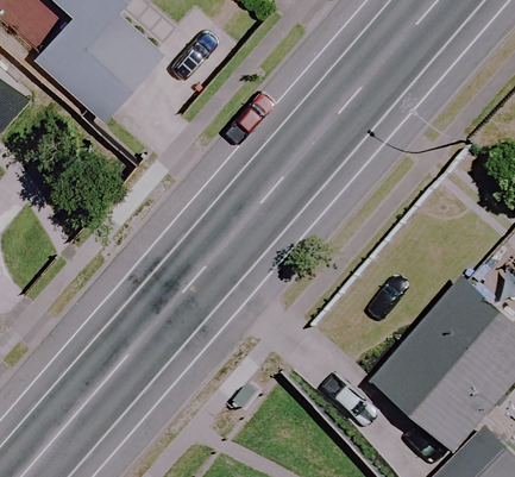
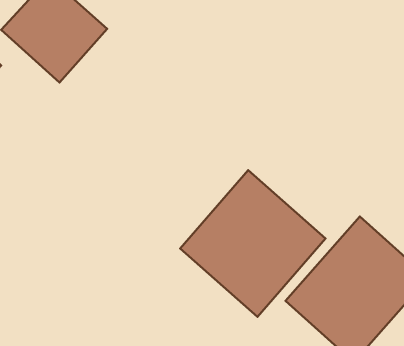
building: none -> [180,170,325,317]

